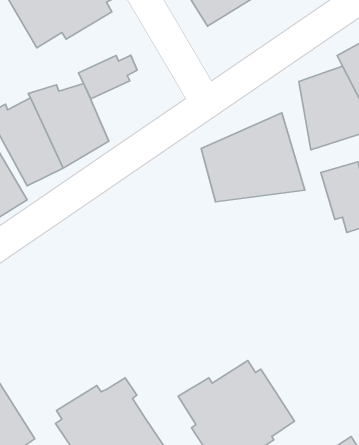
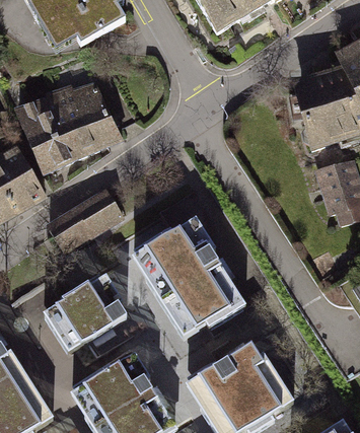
building: [79,55,137,99] -> none
building: [201,113,305,202] -> none
building: none -> [47,190,120,246]
building: none -> [134,216,246,337]
building: none -> [43,277,128,360]

